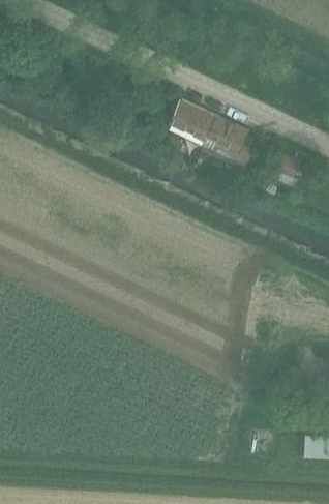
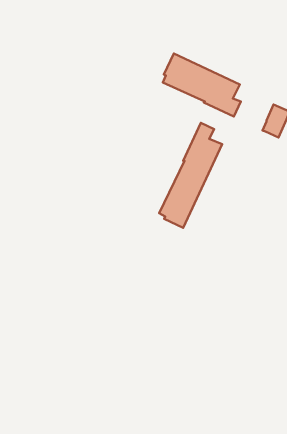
building: none -> [159,123,222,228]

